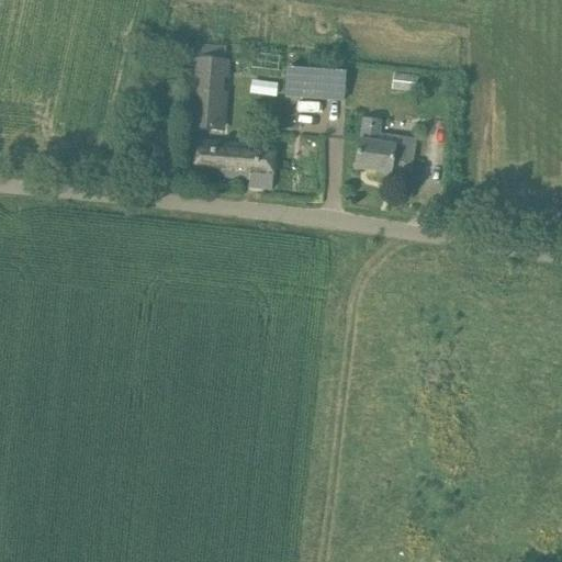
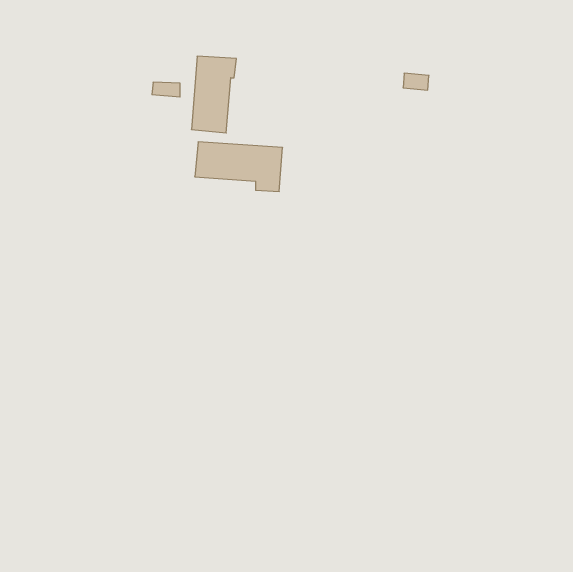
building: [300,66,346,99] -> none
building: [358,115,417,171] -> none

